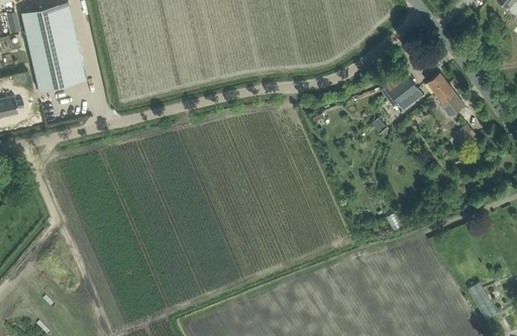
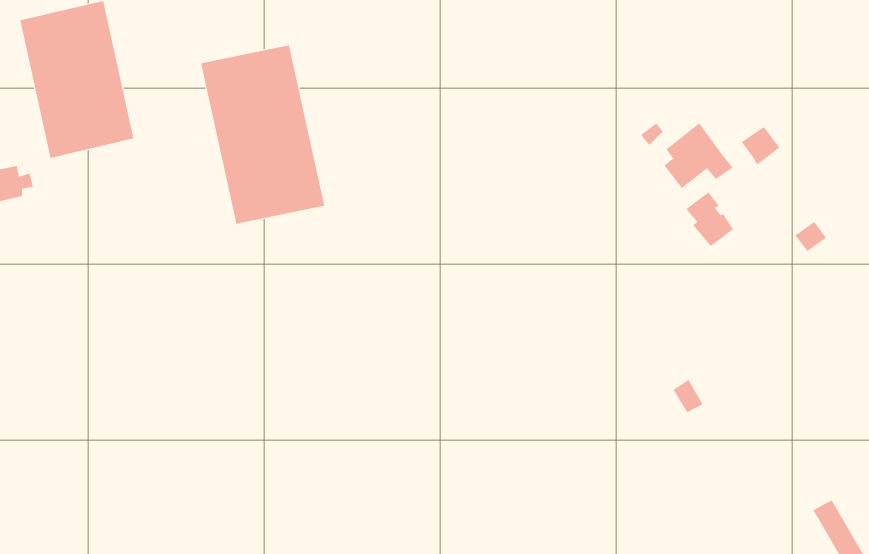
building: none -> [200,44,325,224]
building: [436,86,463,117] -> [685,191,734,247]

